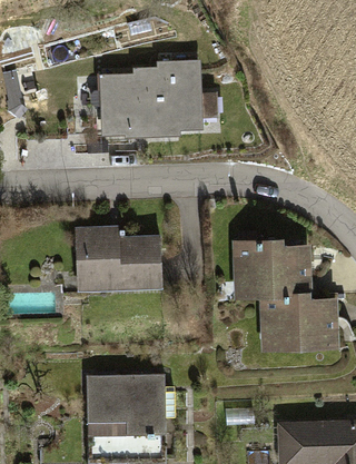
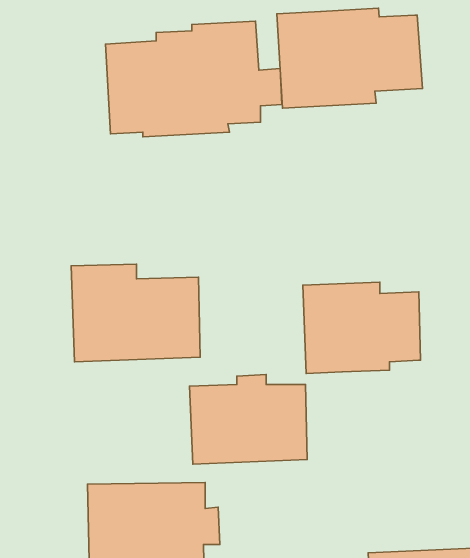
building: none -> [277,8,423,108]
building: [259,292,339,353] -> [190,375,307,464]

